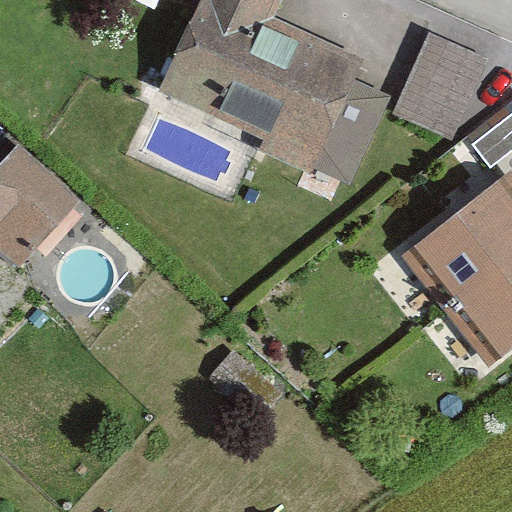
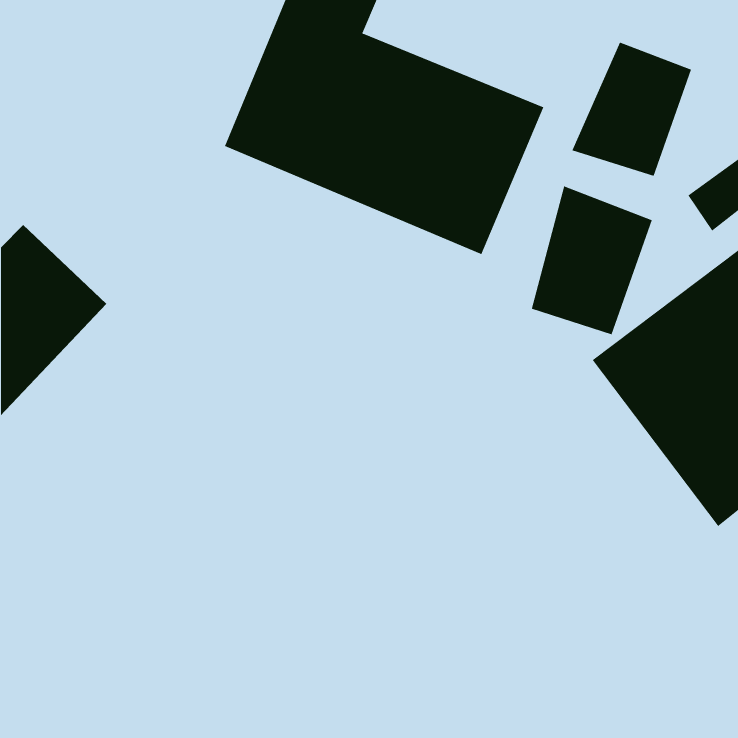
building: none -> [531,186,652,335]

